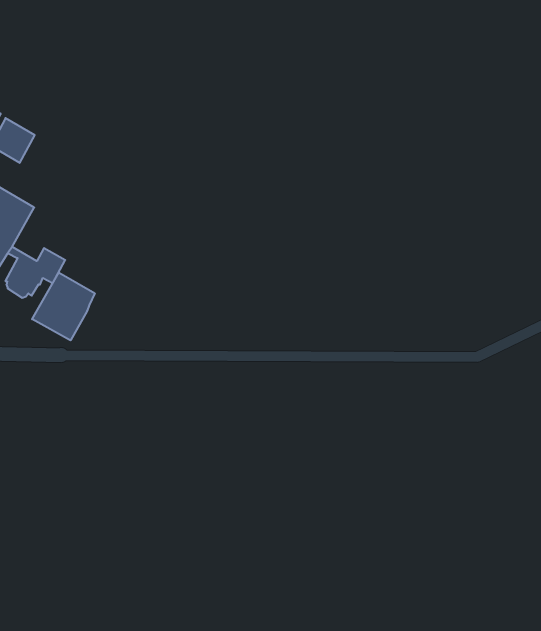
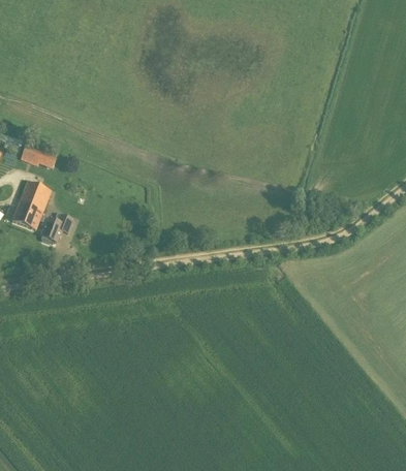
building: [32,273,95,340] -> none

